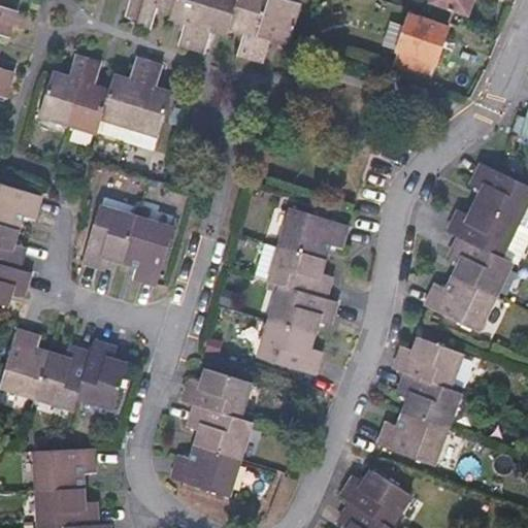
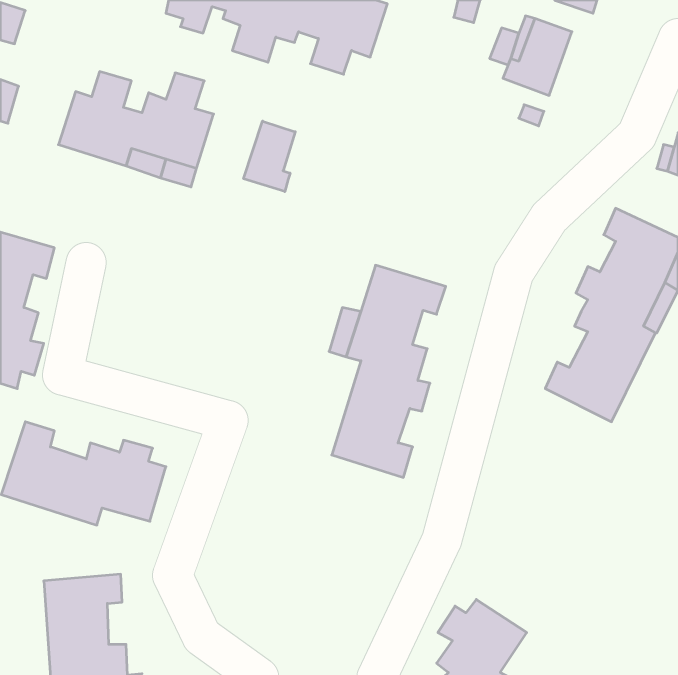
building: none -> [244,121,295,192]
building: [86,207,176,286] -> none
building: [377,334,464,465] -> none
building: [176,368,252,492] -> none

